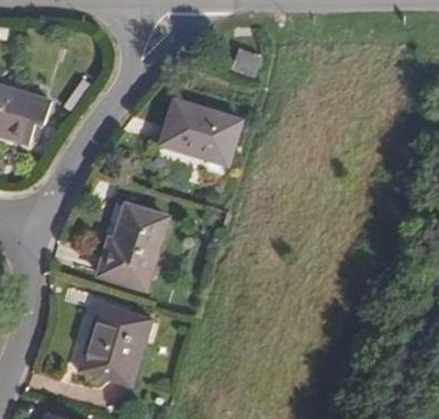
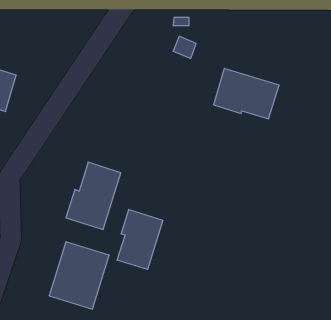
building: [160,100,241,162] -> [214,68,279,119]
building: none -> [117,209,163,269]

